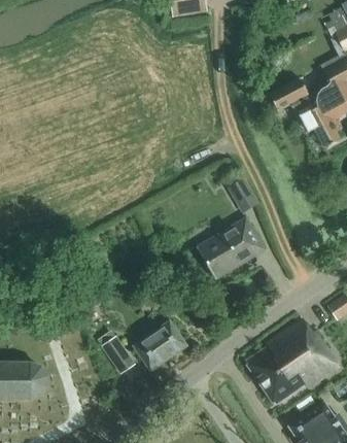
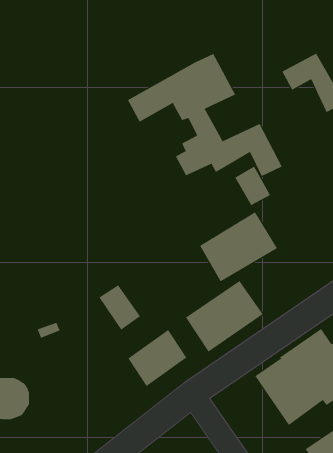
building: none -> [127,53,283,177]
building: none -> [185,280,264,352]
building: [99,336,136,376] -> [99,285,141,330]

